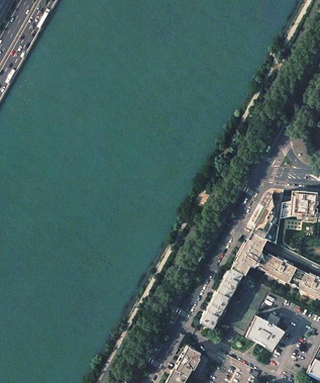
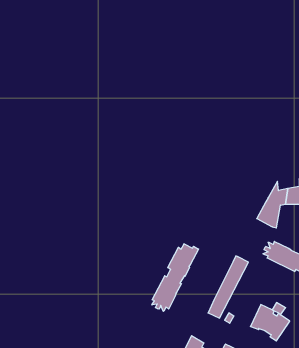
building: [233,231,266,275] -> none
building: none -> [152,244,199,311]

